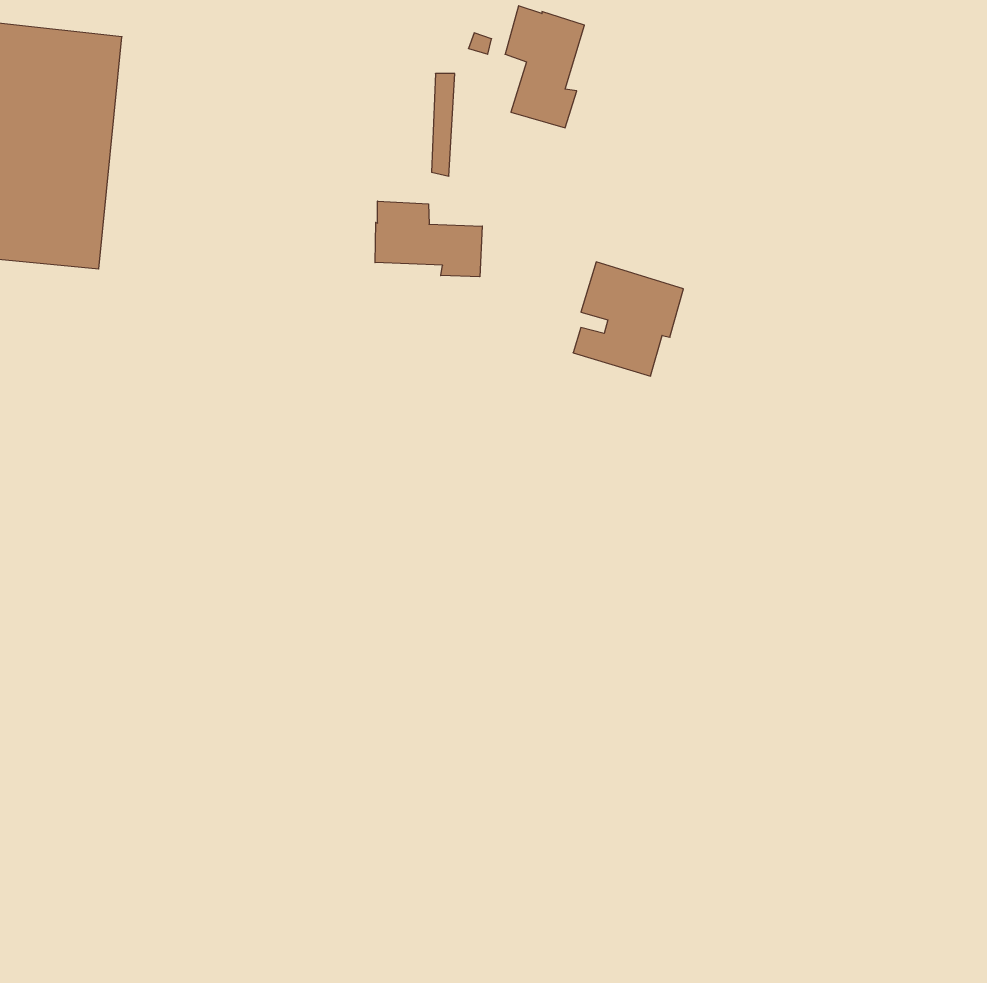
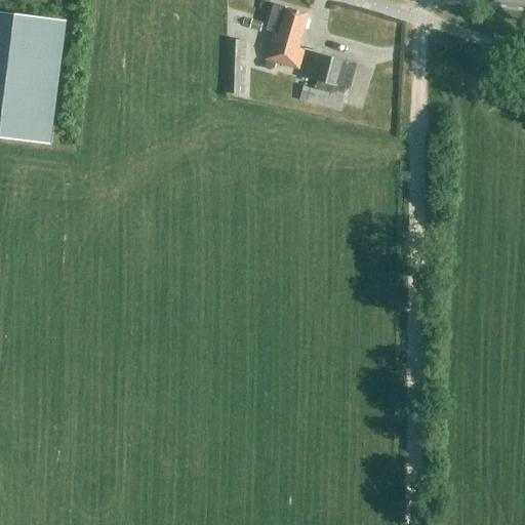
building: [375,201,482,277] -> none
building: [573,262,683,376] -> [299,50,358,111]

